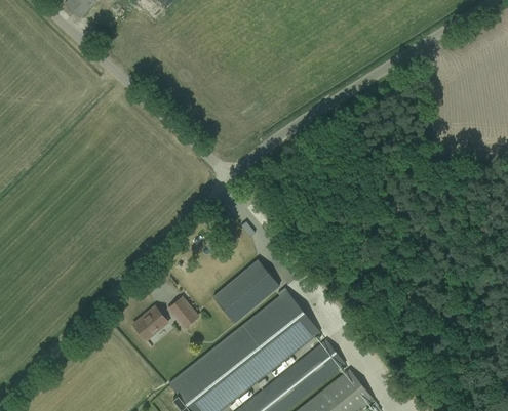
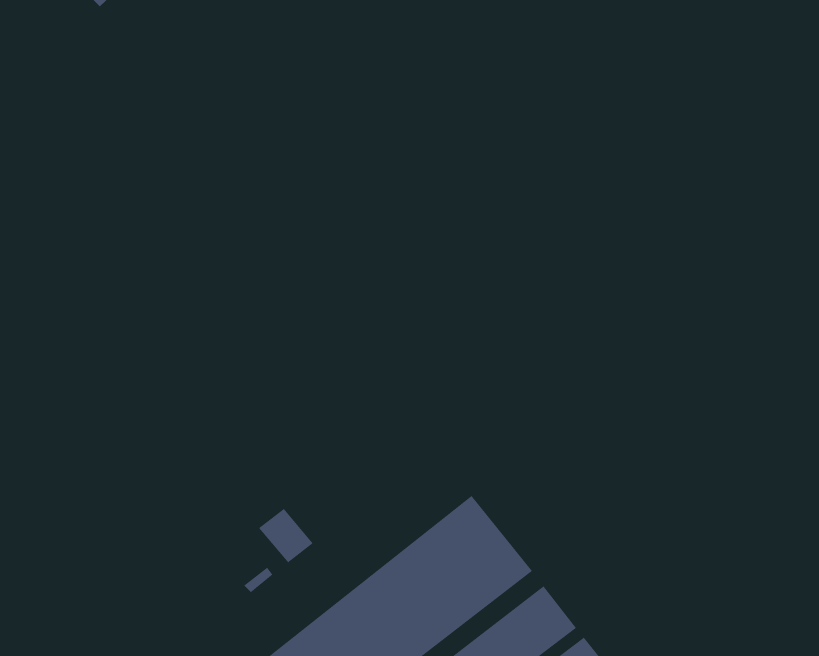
building: [211,260,278,324] -> none
building: [133,307,167,342] -> none

